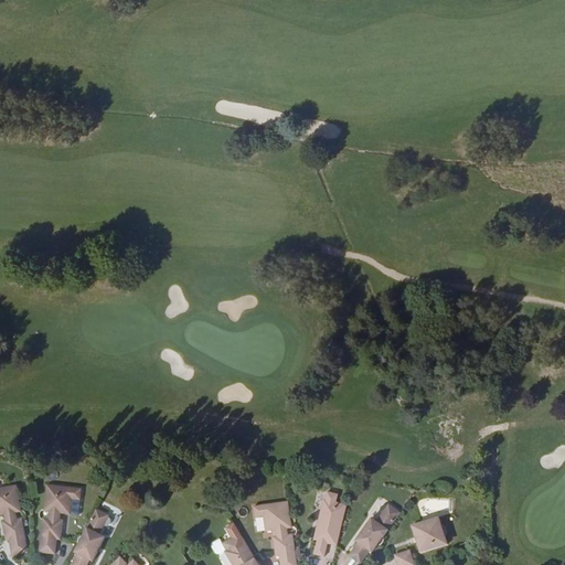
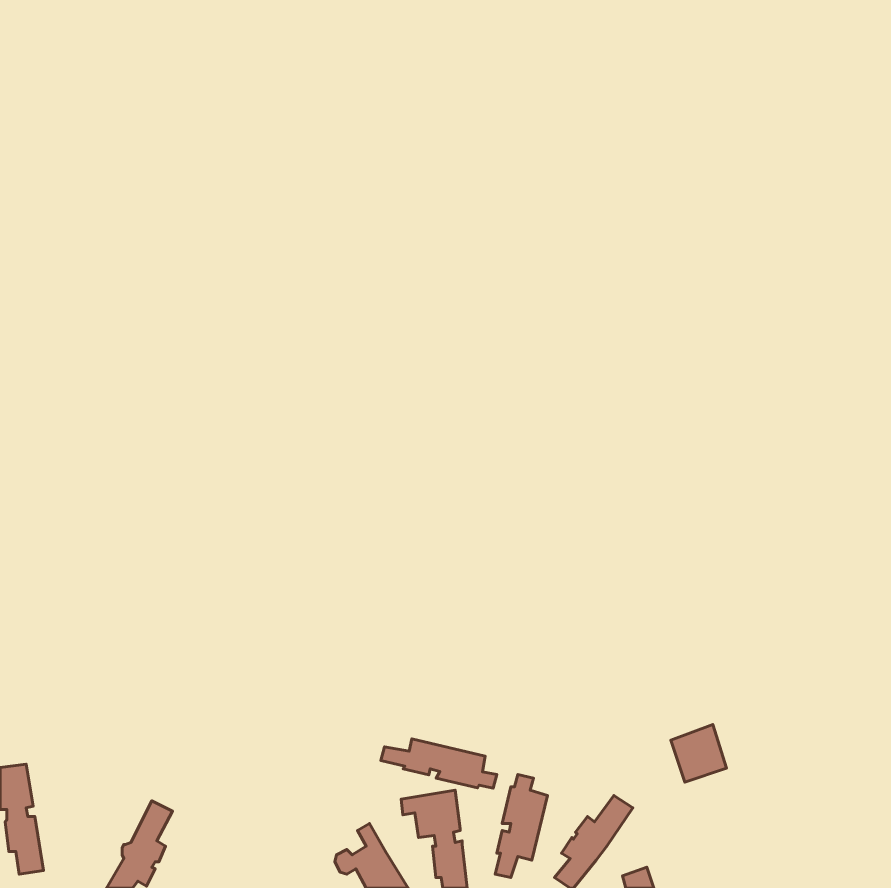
building: none -> [381,739,497,788]
building: [39,483,82,552] -> none
building: [412,515,447,552] -> [671,725,727,782]

